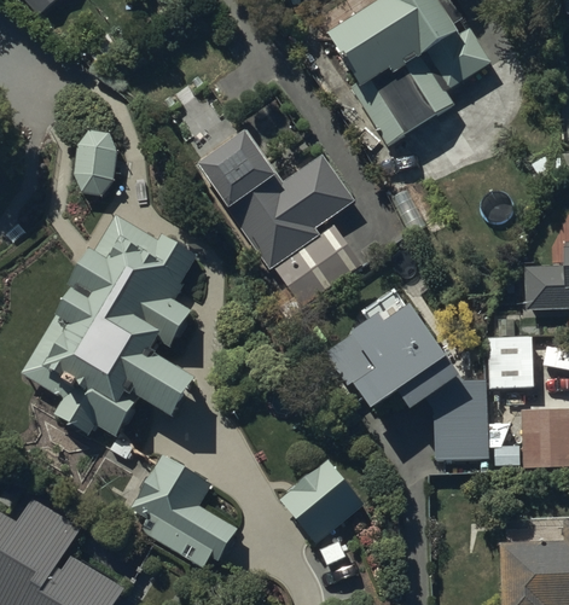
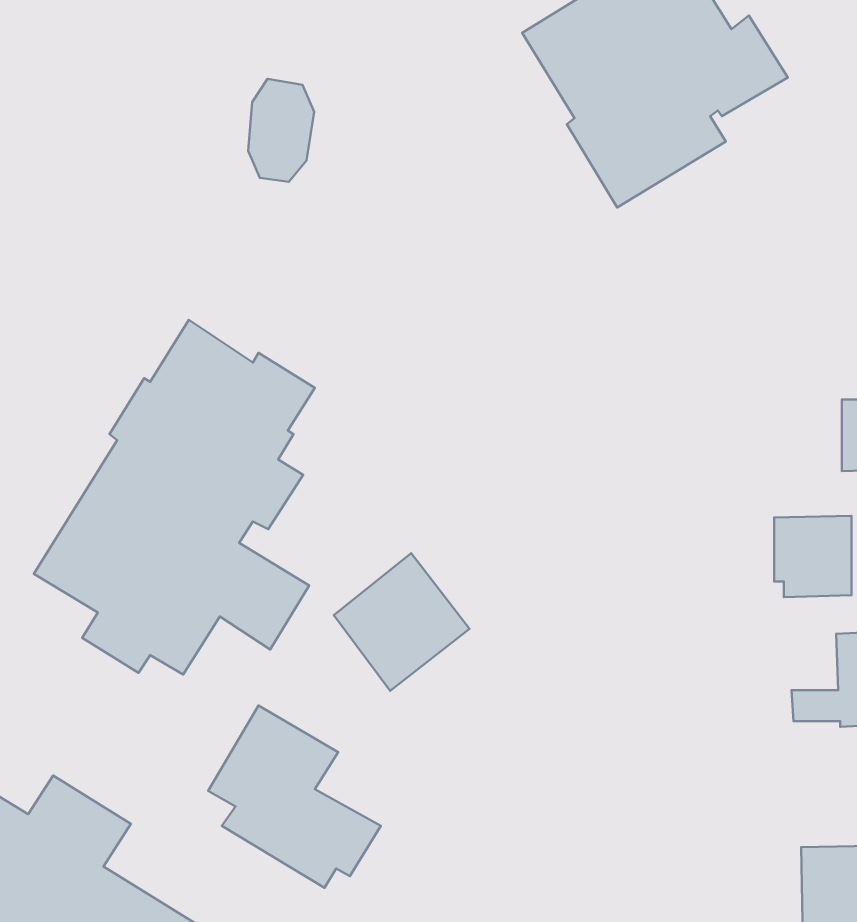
building: [76,129,117,193] -> [248,79,314,182]
building: [197,130,365,307] -> none
building: [324,284,503,458] -> none
building: [280,458,365,543] -> [334,553,469,691]

